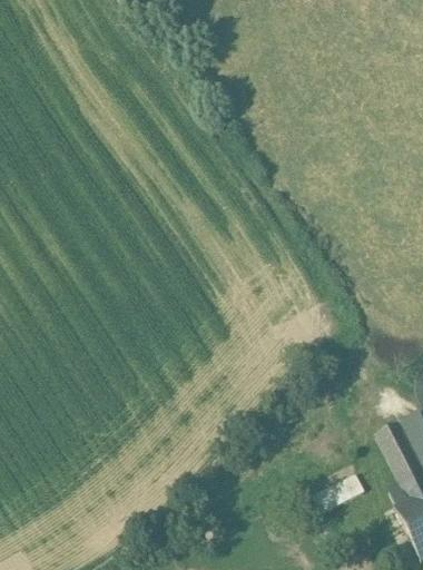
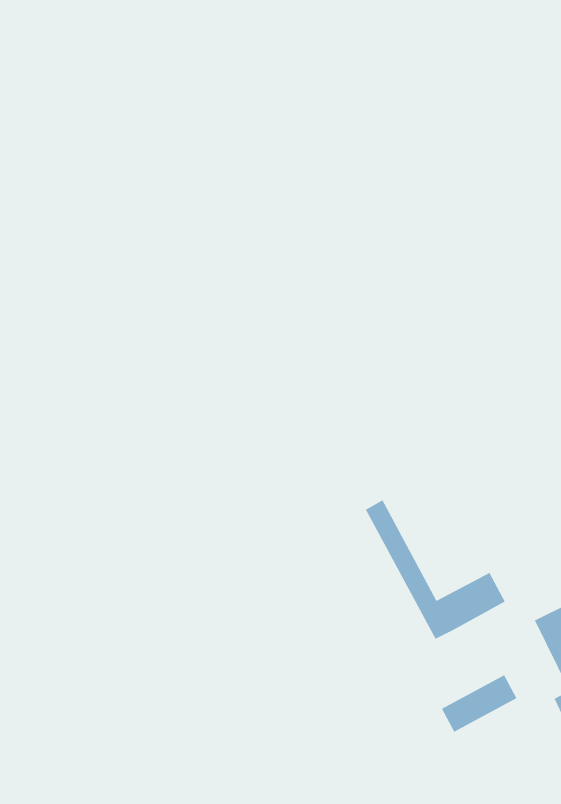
building: none -> [365,499,506,640]

